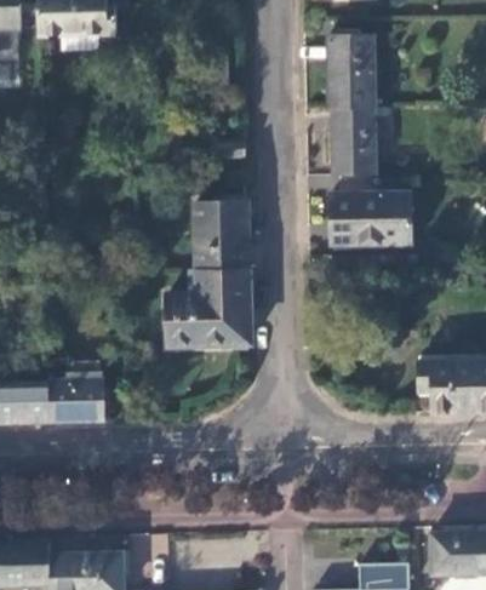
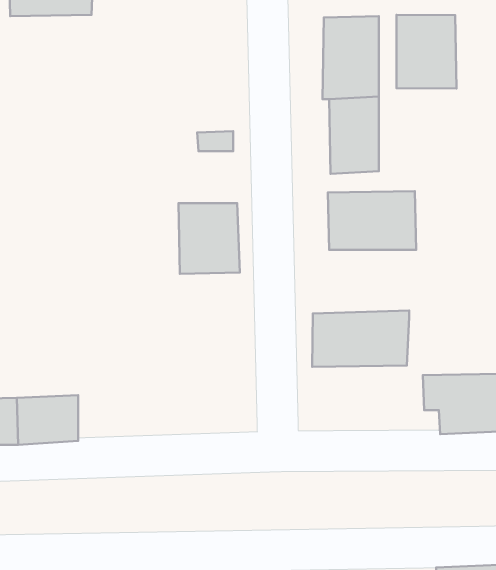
building: none -> [397,15,457,88]
building: [167,268,251,348] -> none
building: none -> [312,311,409,367]

